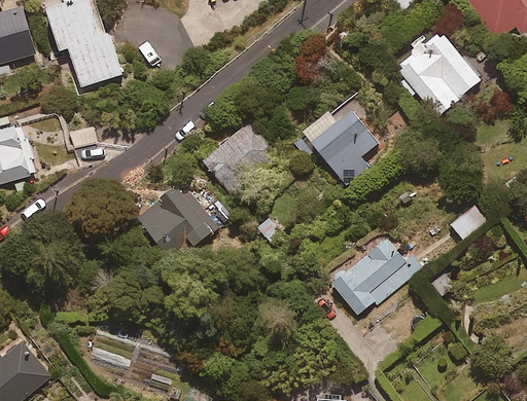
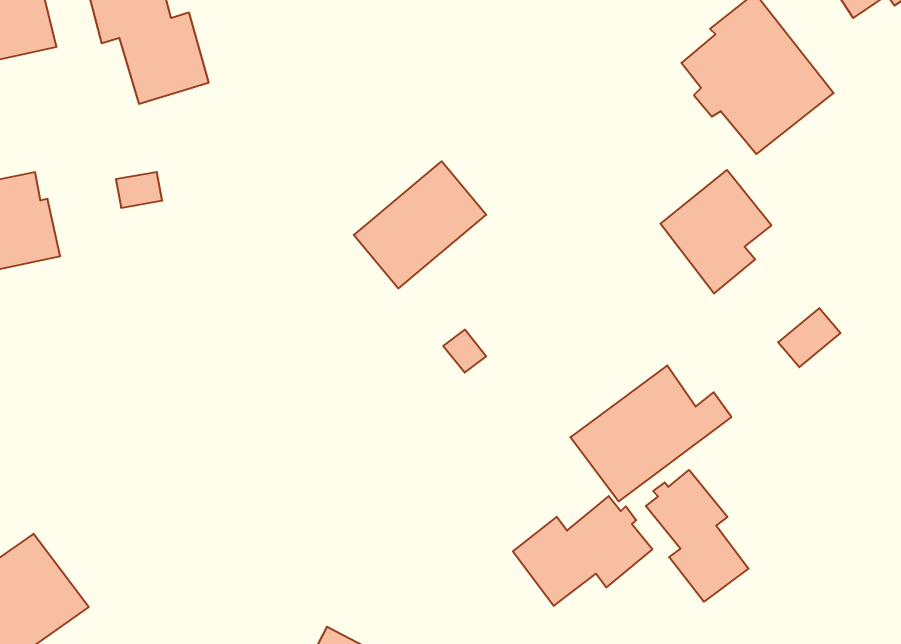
building: [312,112,376,183] -> [660,170,771,293]
building: [138,190,218,254] -> none
building: none -> [646,470,749,602]
building: none -> [513,496,652,606]

